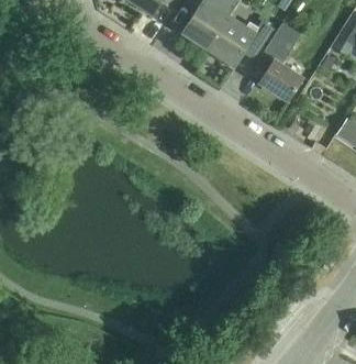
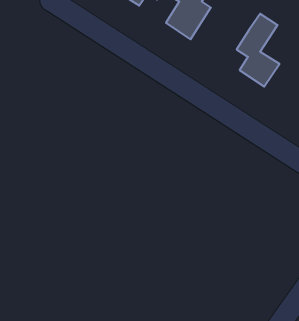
building: [208,16,274,67] -> none

